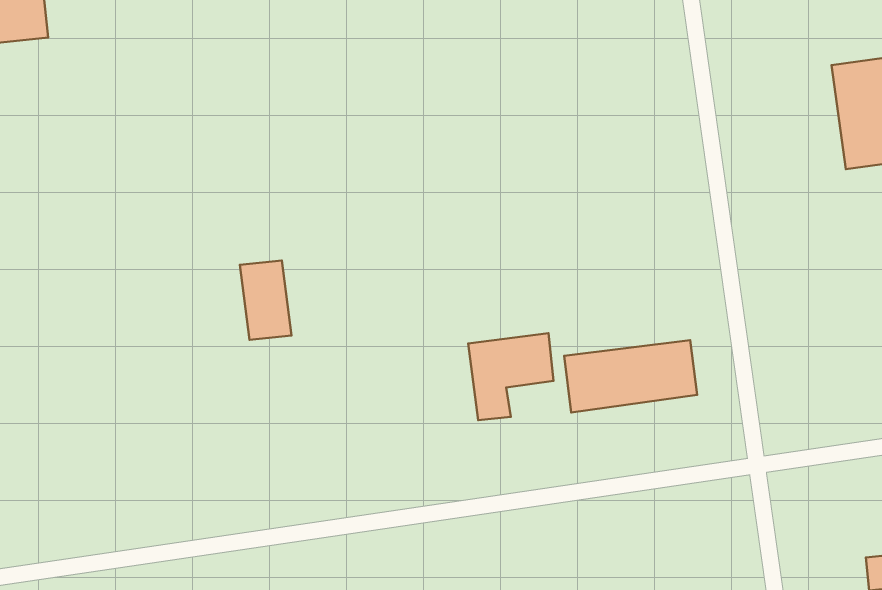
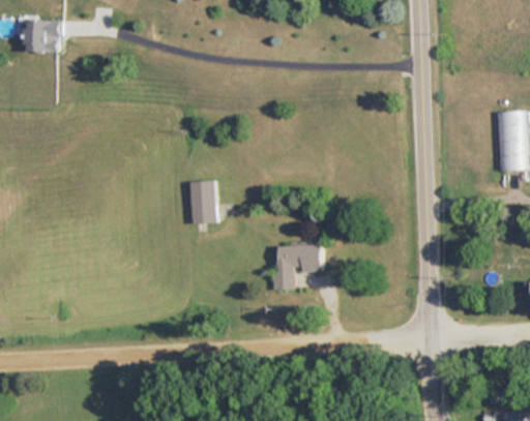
building: [240,260,291,340] -> [190,182,215,224]
building: [564,340,697,413] -> none

